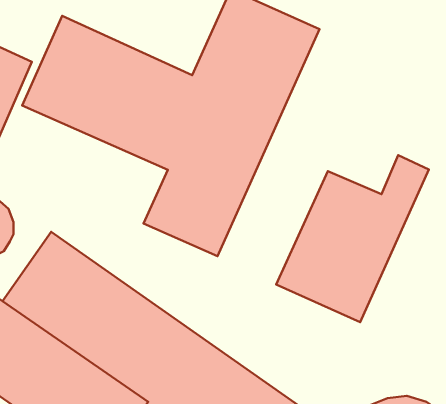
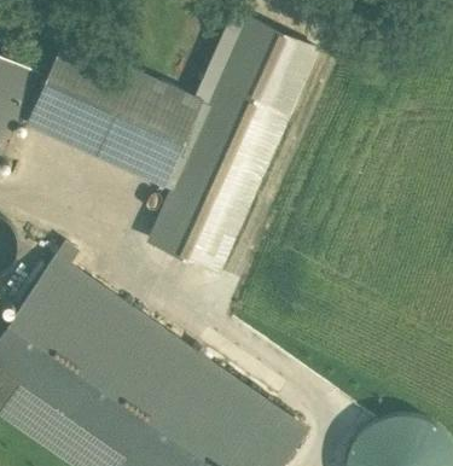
building: [276,155,429,322] -> none

